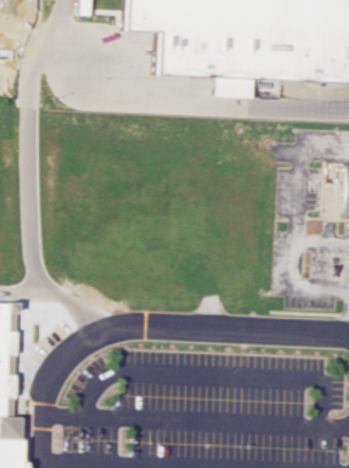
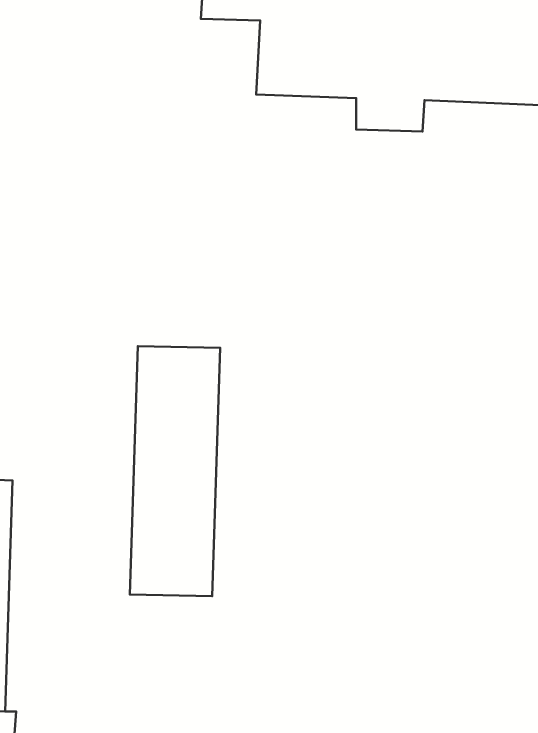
building: none -> [130,346,220,596]

